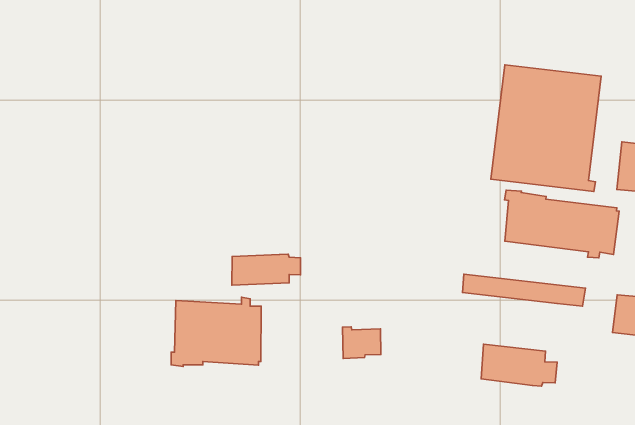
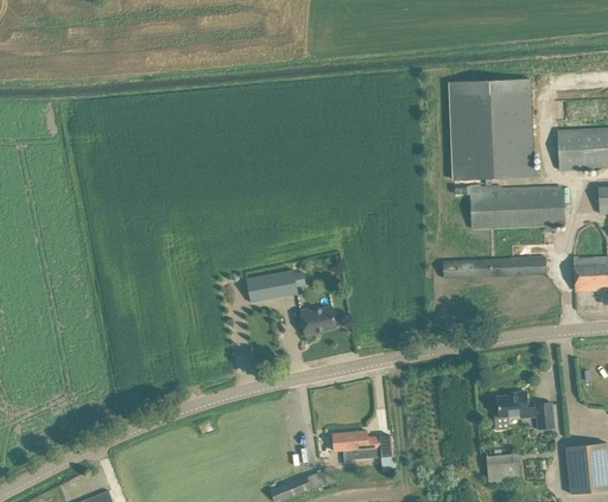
building: [171,297,261,367] -> none
building: [343,327,381,358] -> [299,306,335,336]
building: [481,344,557,386] -> none

